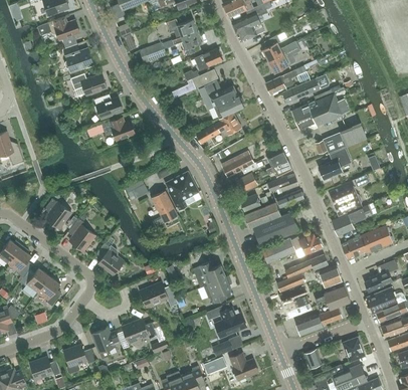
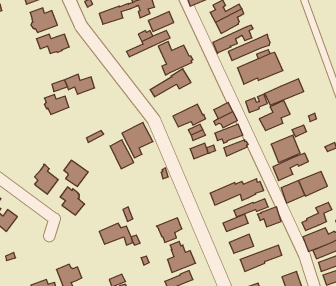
building: [94,95,122,118] -> [44,94,69,114]
building: [44,198,71,227] -> [64,160,88,187]
building: [243,202,298,245] -> none
building: [193,261,226,287] -> none
building: [37,275,60,306] -> none
building: [315,285,350,312] -> none
building: [122,319,157,342] -> none

